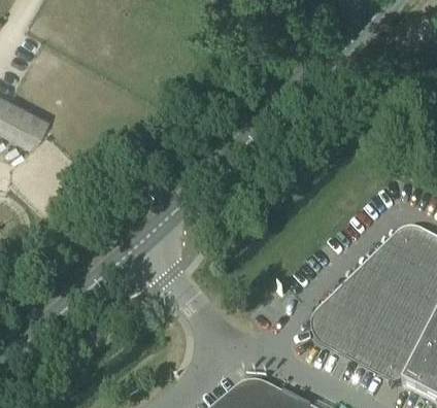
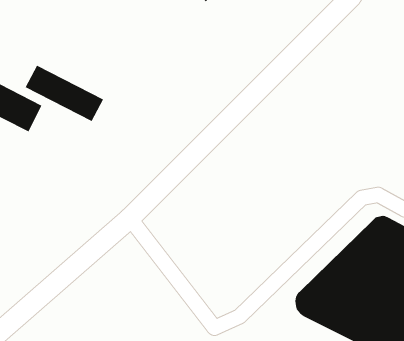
building: none -> [25,65,104,122]

